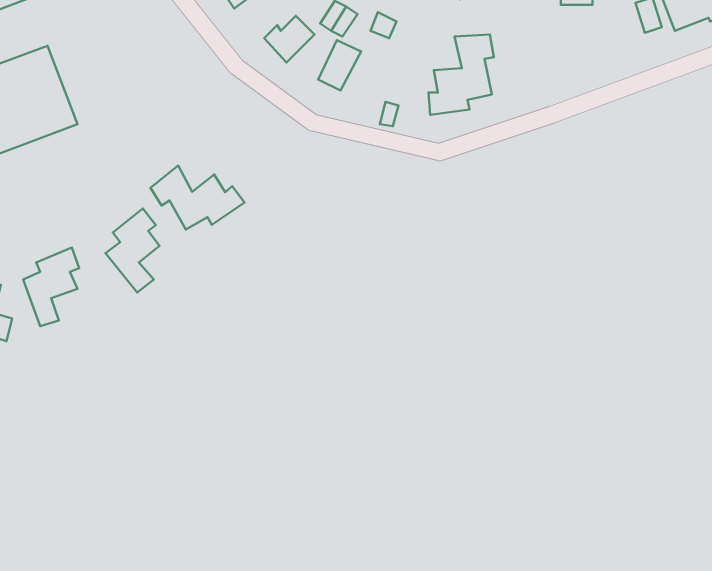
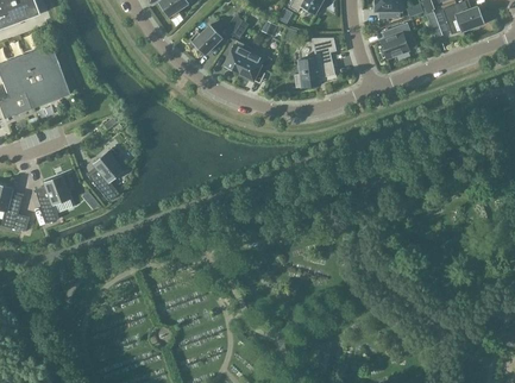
building: none -> [379,23,412,58]
building: none -> [238,50,271,77]
building: [151,165,245,230] -> none

